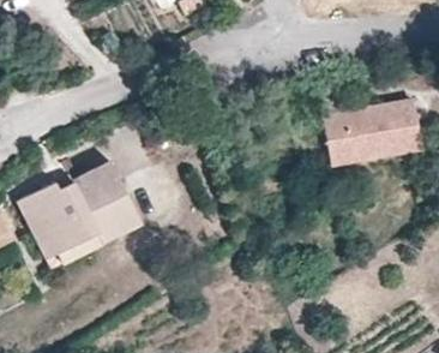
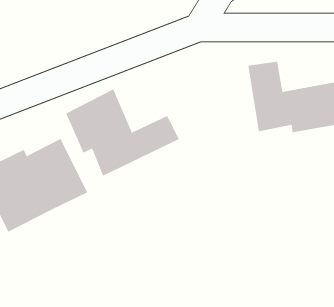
building: none -> [65,89,180,177]

